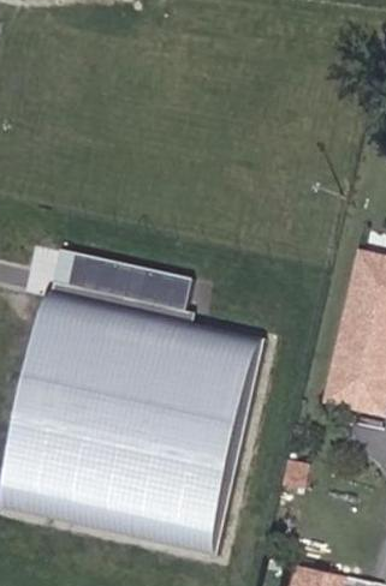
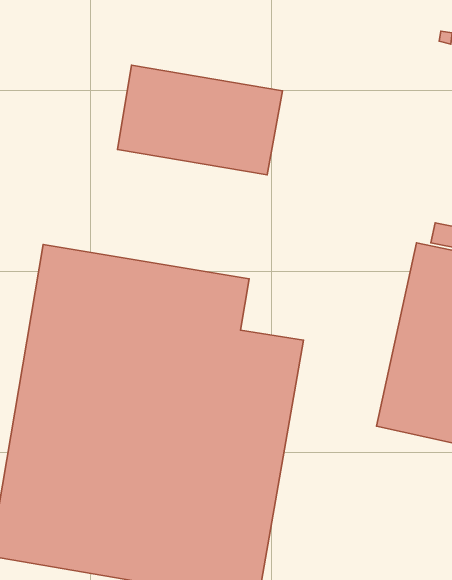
building: none -> [118,65,282,175]

